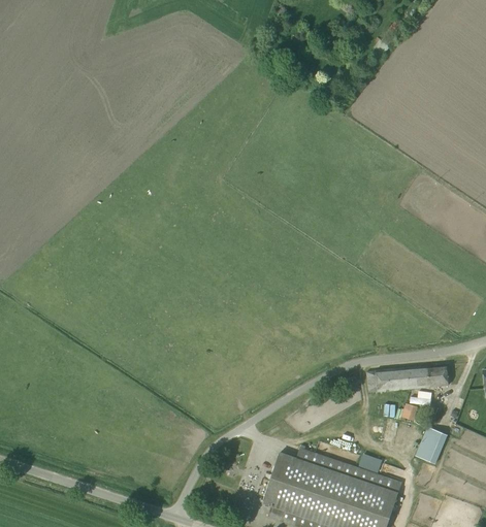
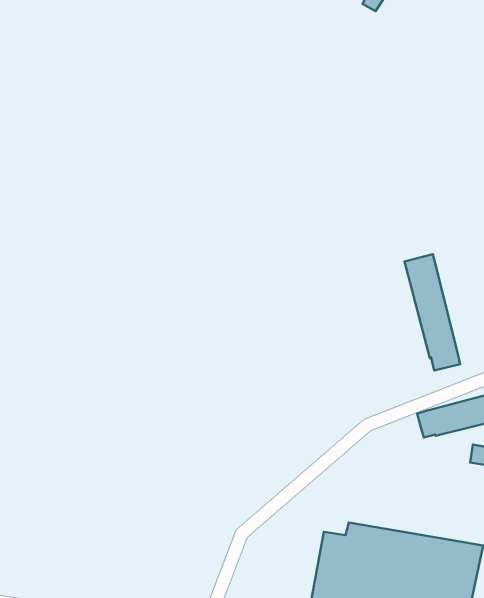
building: none -> [405,254,460,370]

